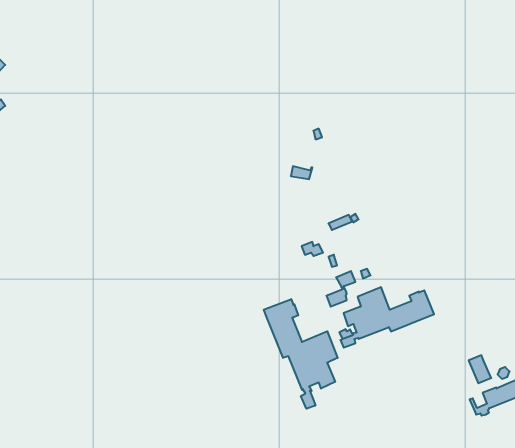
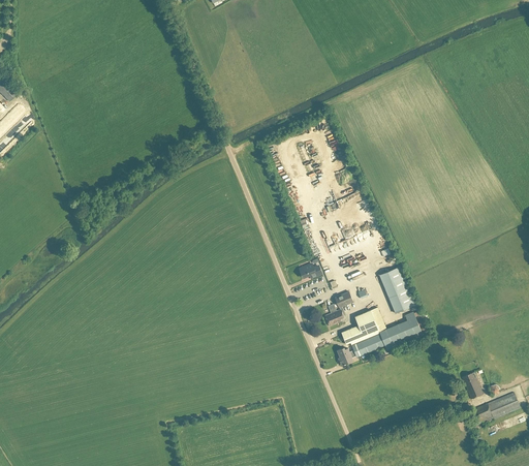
building: none -> [378,267,413,313]
building: [264,299,338,409] -> none

